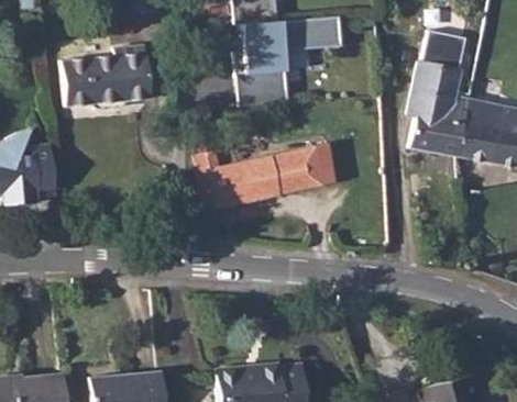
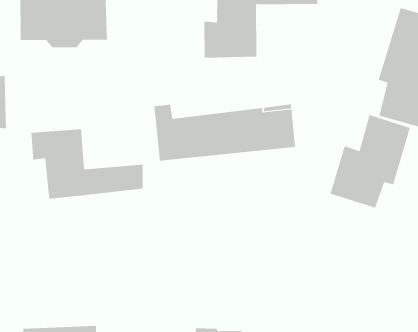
building: none -> [330,114,410,208]
building: none -> [31,129,143,200]

